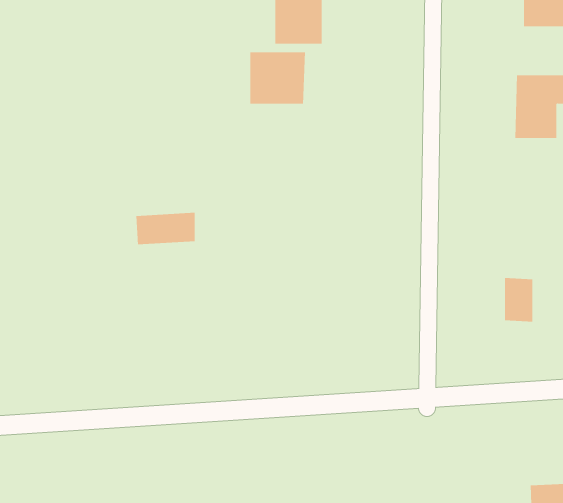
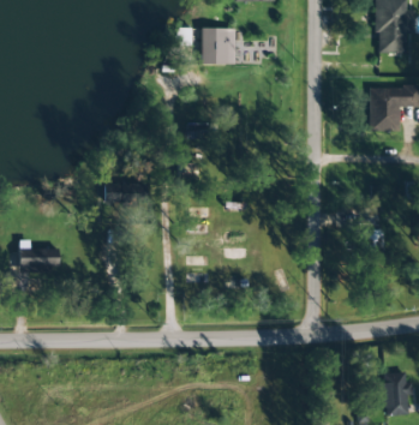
building: [250,52,305,105] -> none
building: none -> [16,249,59,271]

